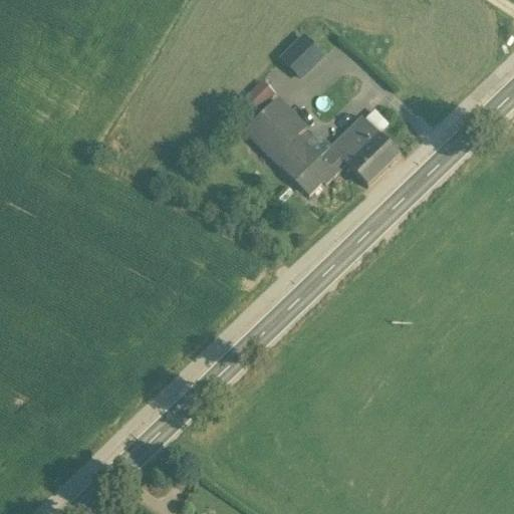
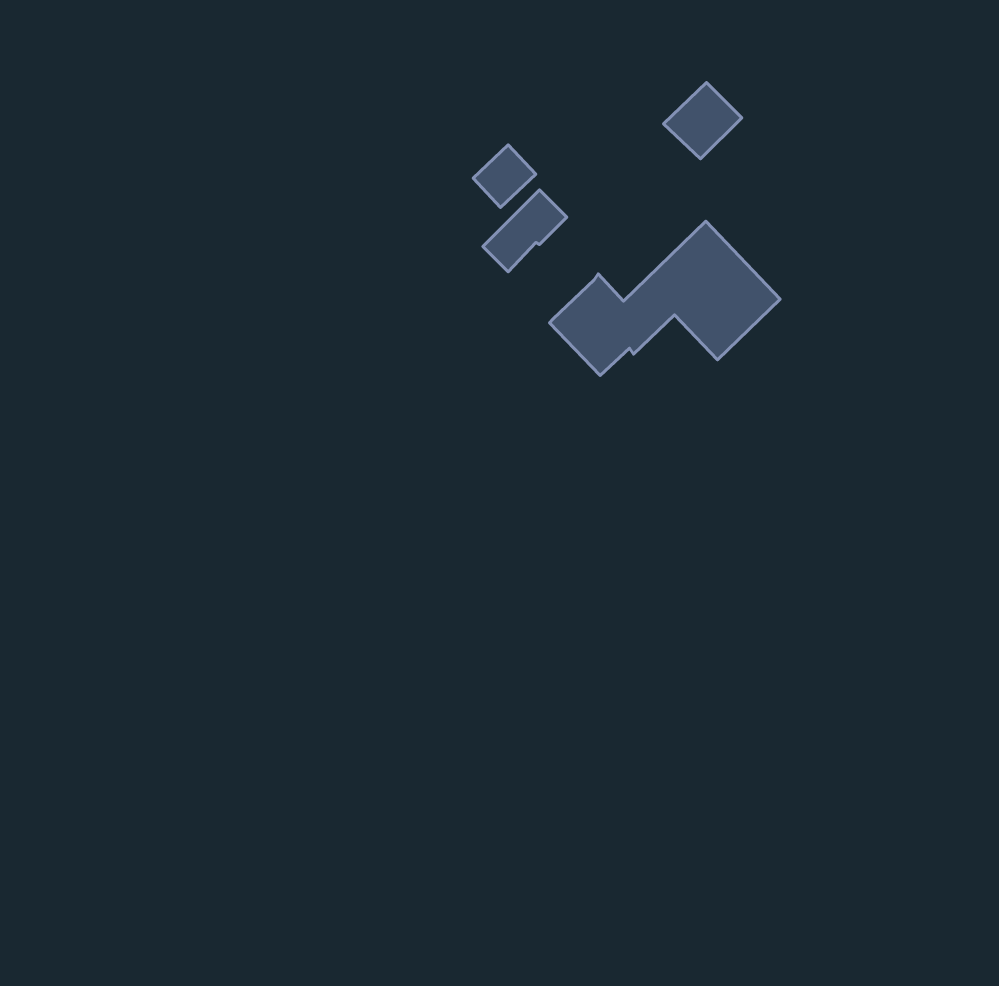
building: [283,34,323,73] -> [663,83,742,159]
building: [260,111,305,164] -> none

